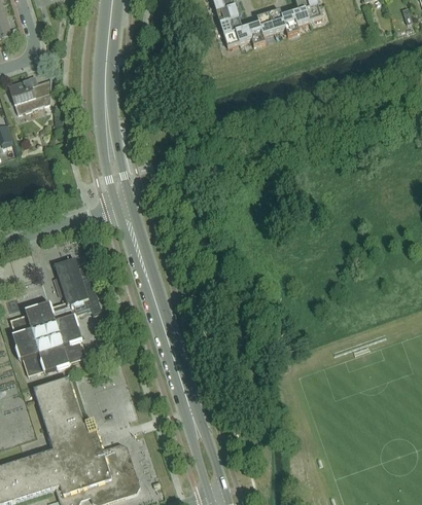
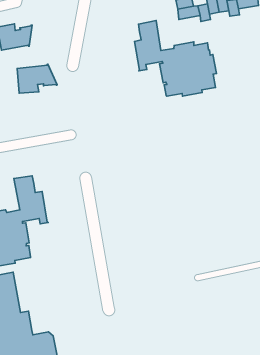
building: none -> [134,21,216,96]
building: none -> [17,64,57,93]

